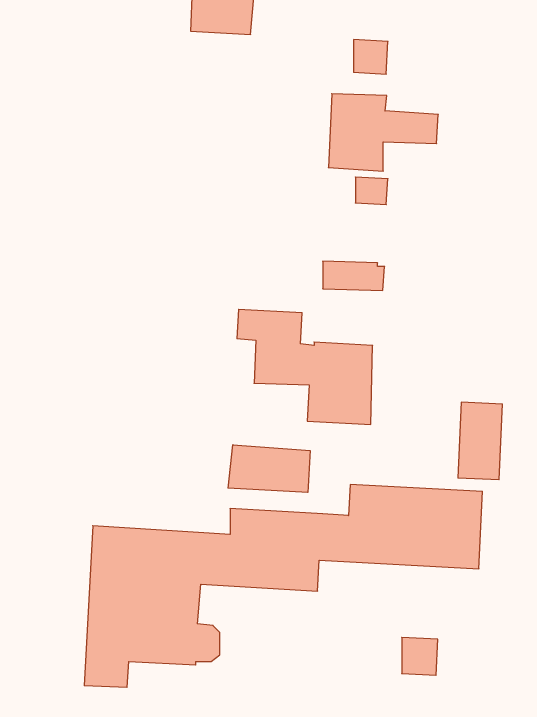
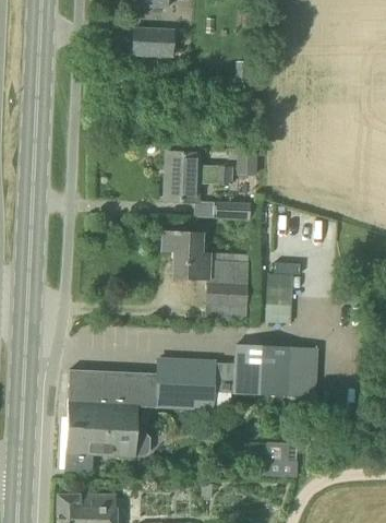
building: [328,94,438,171] -> [164,153,233,202]
building: [458,402,502,480] -> [265,273,293,322]
building: [228,445,310,492] -> none

